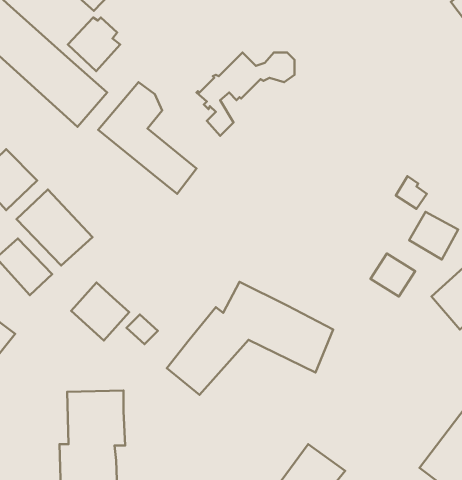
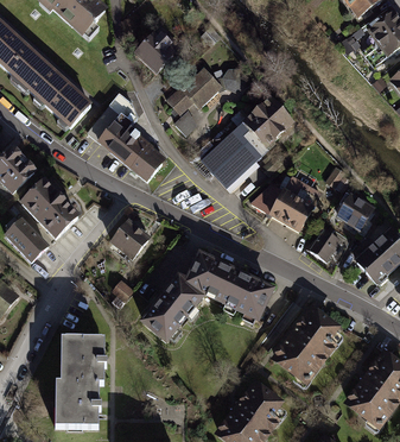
building: [68,18,120,71] -> [132,31,173,74]
building: none -> [195,94,297,188]
building: none -> [247,169,322,232]
building: [71,282,129,341] -> [107,215,153,261]
building: none -> [271,302,341,381]

